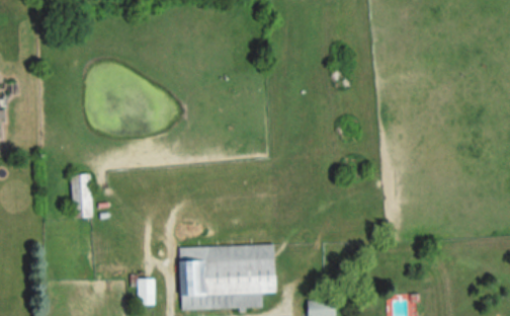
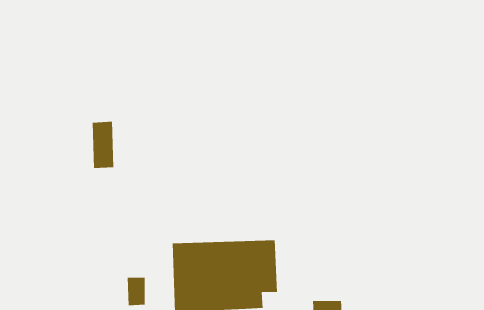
building: [72,174,92,218] -> [92,121,114,169]

